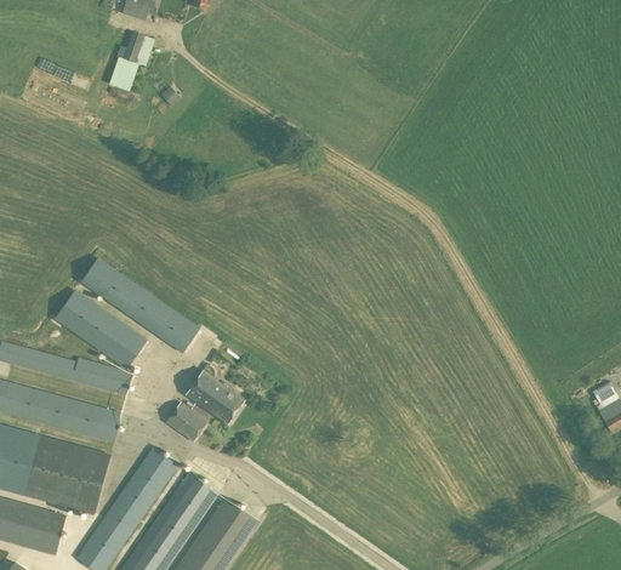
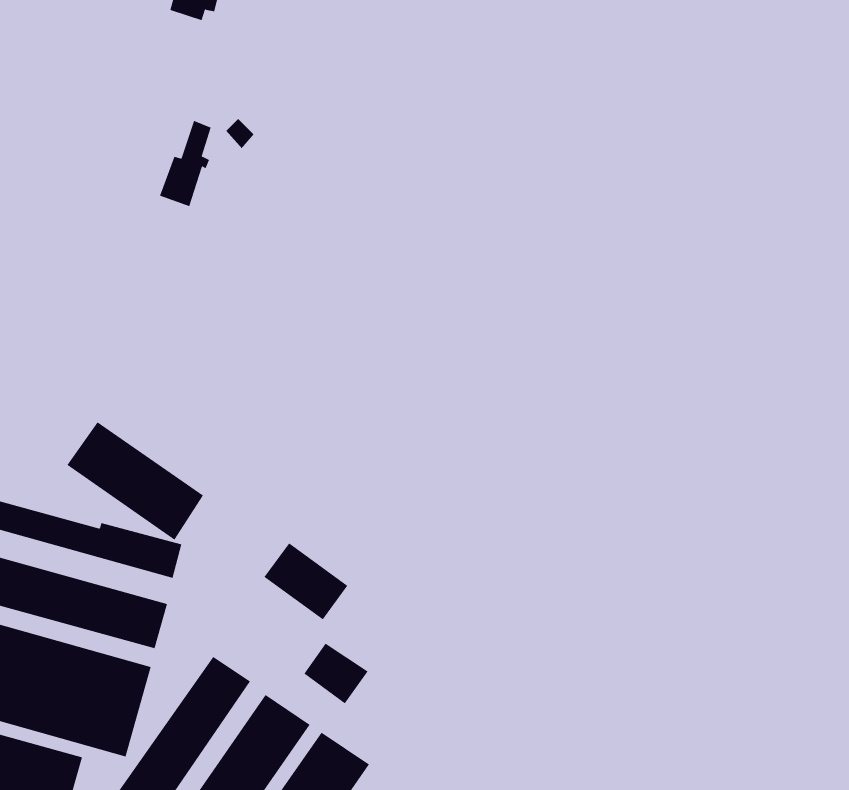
building: [108,32,143,90] -> [159,120,212,207]
building: [80,257,199,353] -> none
building: [164,401,207,443] -> [304,643,369,704]

